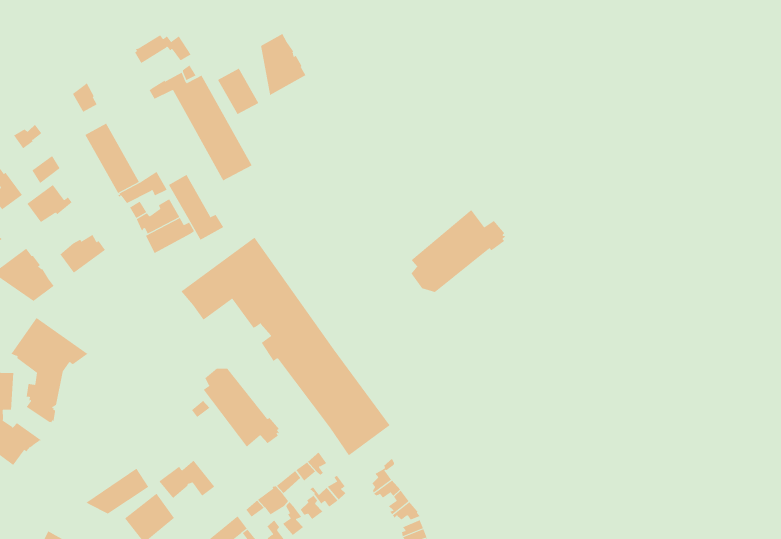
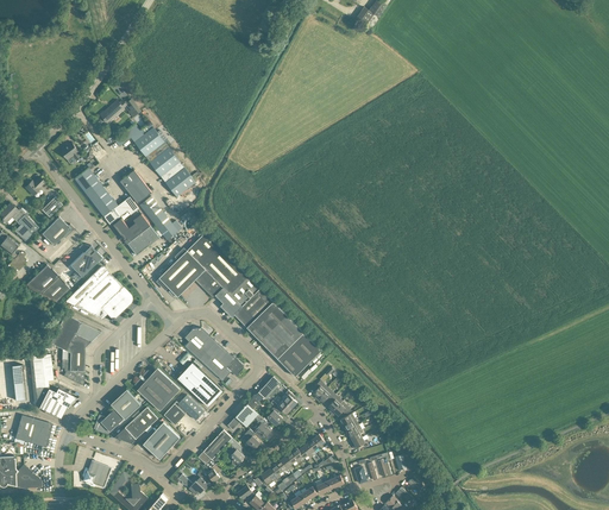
building: [260,33,306,96] -> none
building: [217,68,259,115] -> [119,169,151,202]
building: [411,209,505,293] -> none
building: none -> [64,266,131,321]
building: none -> [177,361,222,407]
building: none -> [134,367,180,410]
building: none -> [94,389,140,434]

